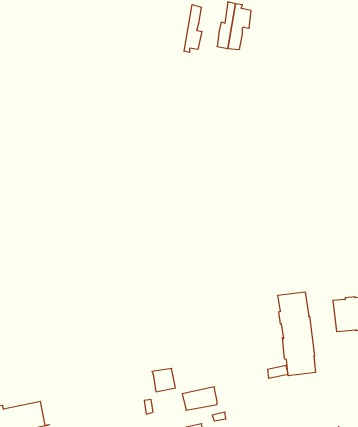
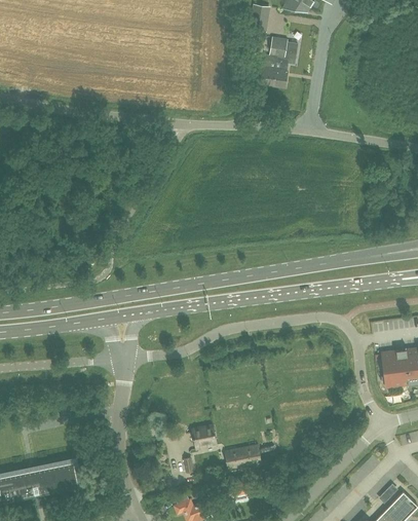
building: [184,5,202,52] -> none
building: [278,292,315,376] -> none

